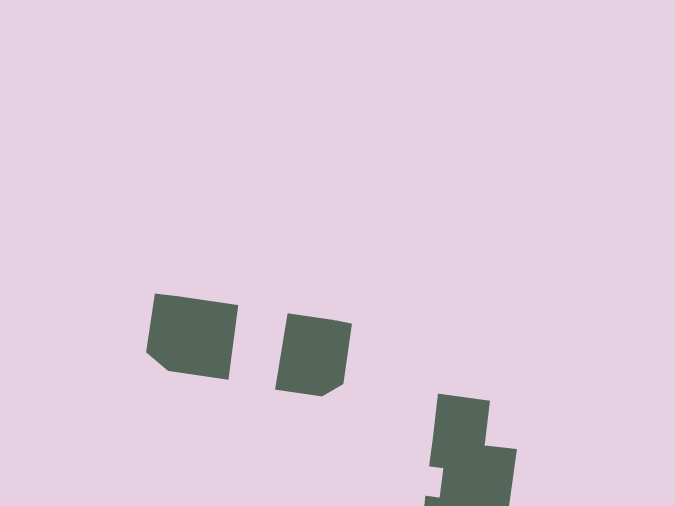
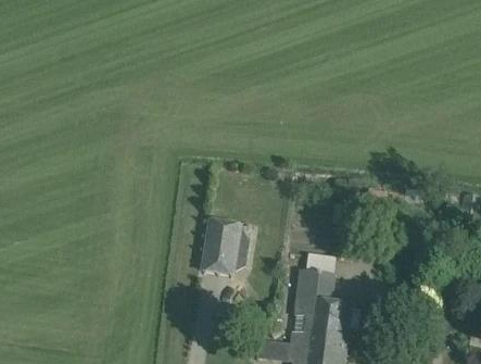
building: [145,293,239,381] -> none

